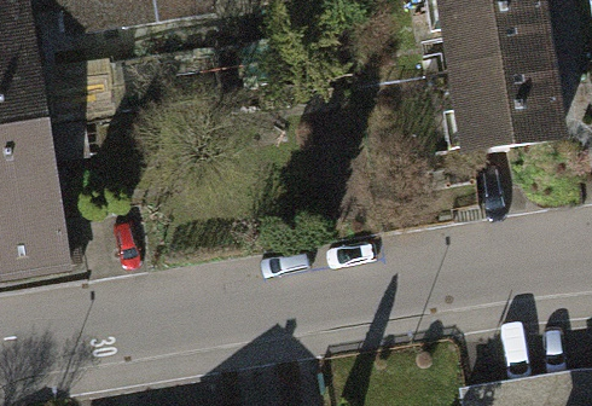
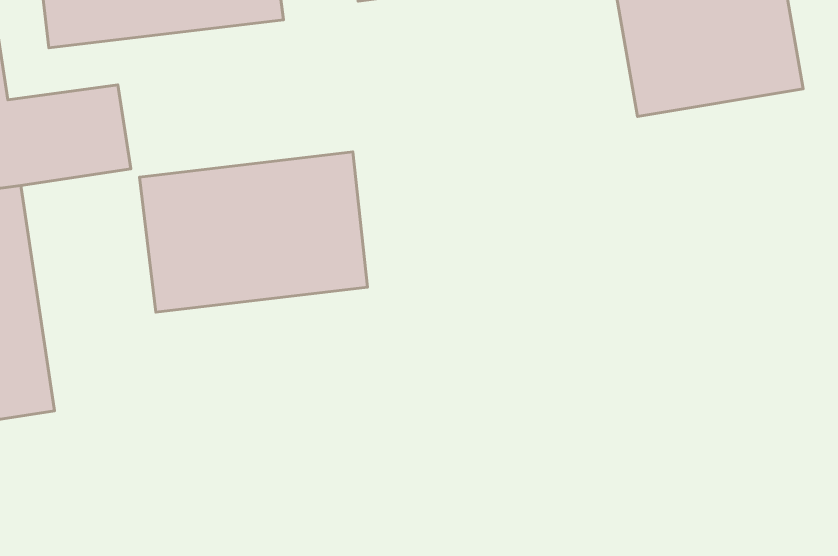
building: [447,59,569,159] -> none
building: none -> [140,152,368,312]

